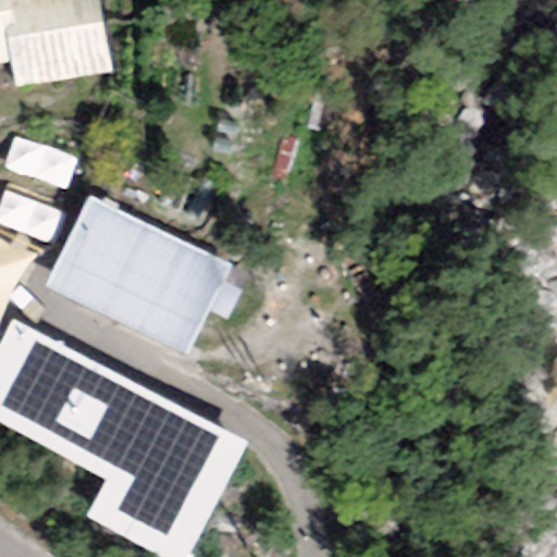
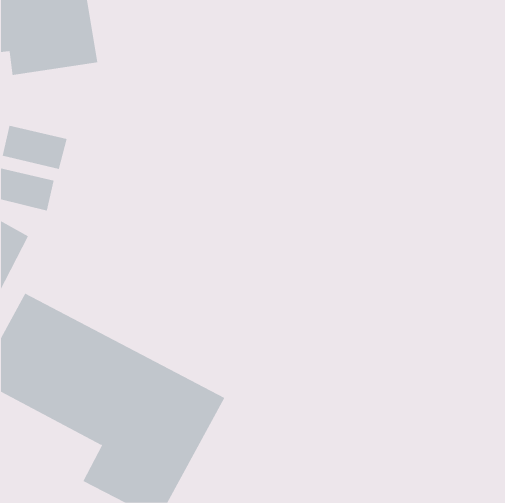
building: [51,205,226,355] -> none

